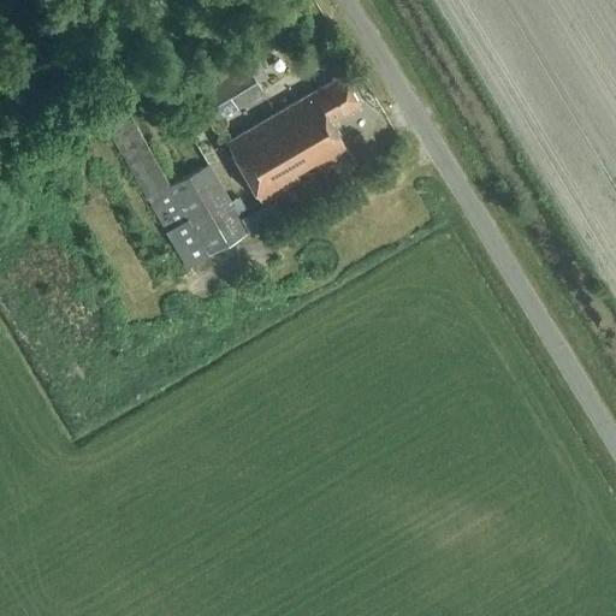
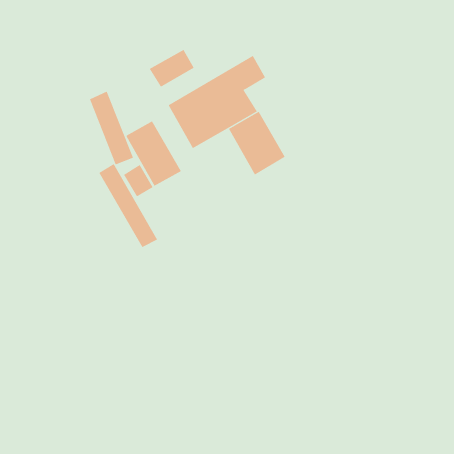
building: none -> [228,111,285,176]
building: none -> [98,163,158,248]

